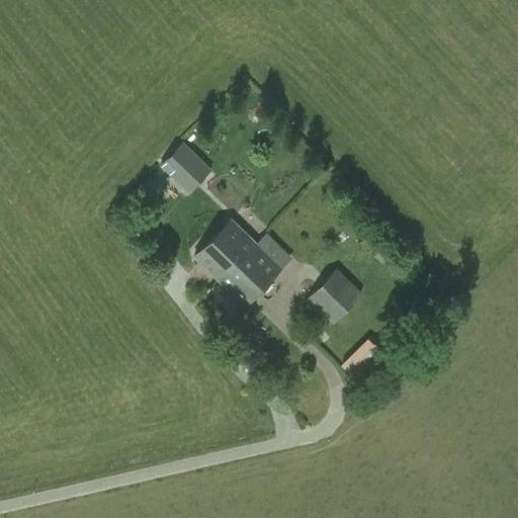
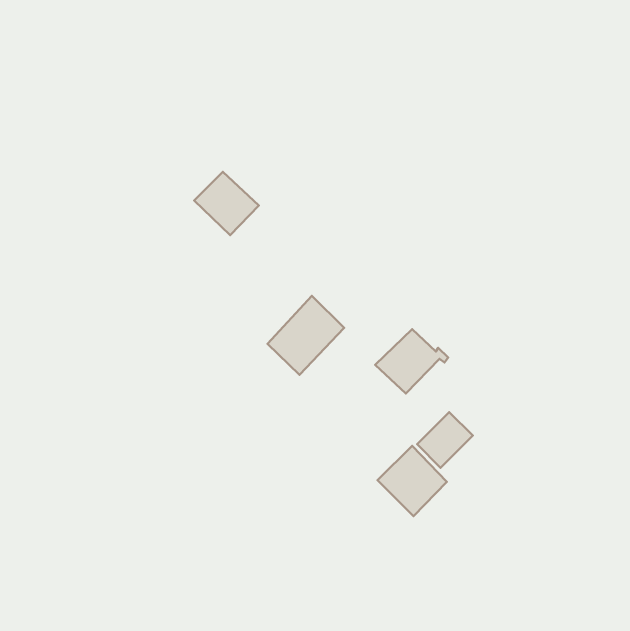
building: [195,220,257,282] -> none
building: none -> [378,446,447,516]

